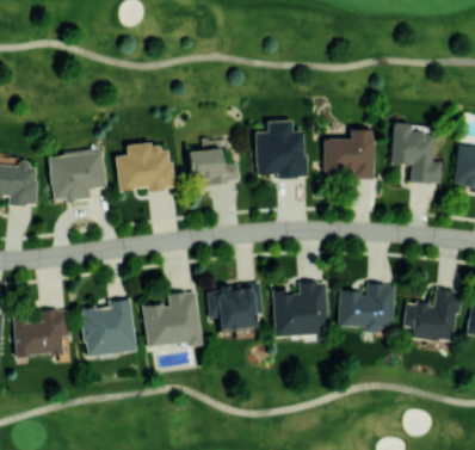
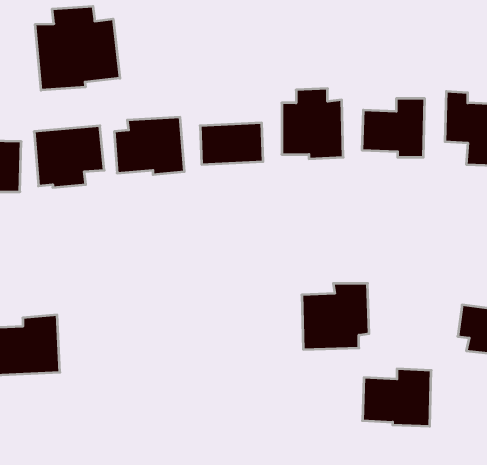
building: none -> [35,6,120,90]
building: [206,283,264,329] -> none
building: [338,283,395,331] -> [362,369,431,426]
building: [142,290,201,346] -> none
building: [81,298,136,357] -> none

